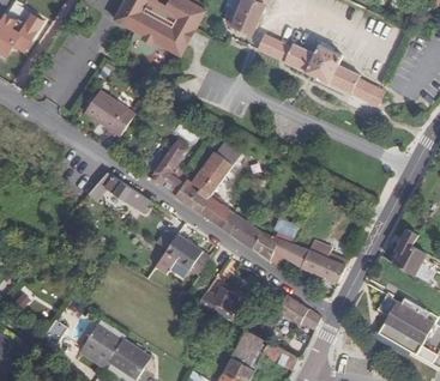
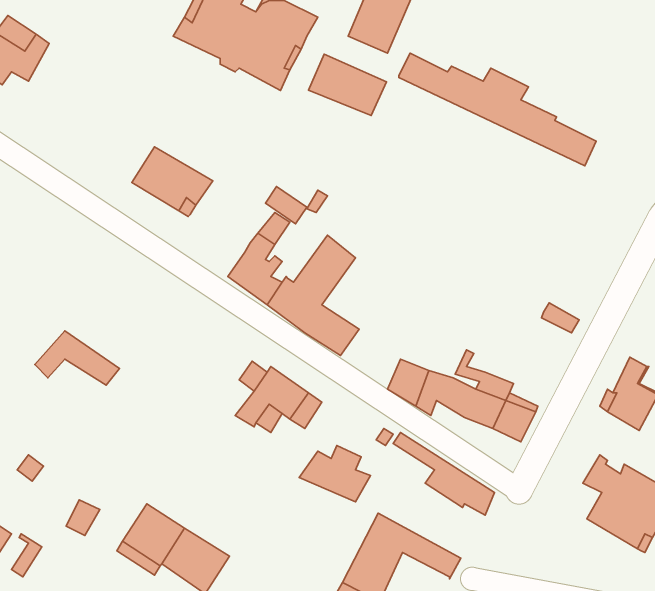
building: none -> [309,54,386,116]
building: [88,171,141,206] -> [35,331,119,385]
building: [222,211,260,249] -> none

